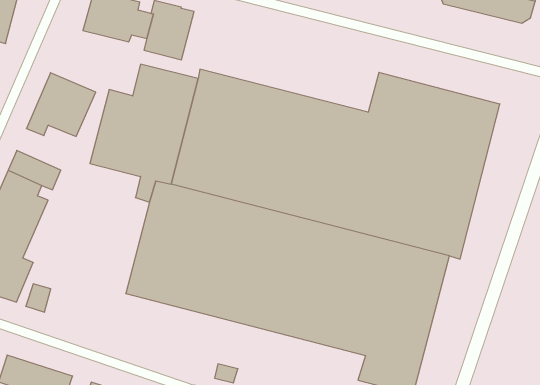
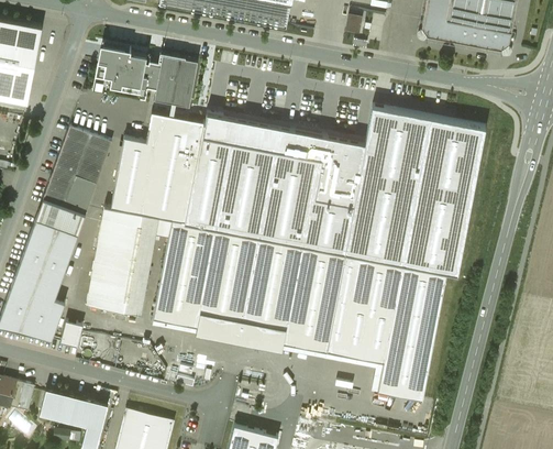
building: none -> [43,174,97,215]
building: none -> [86,206,158,316]

